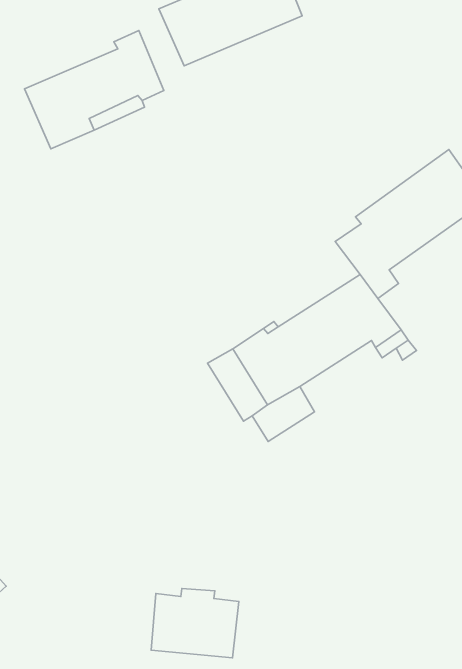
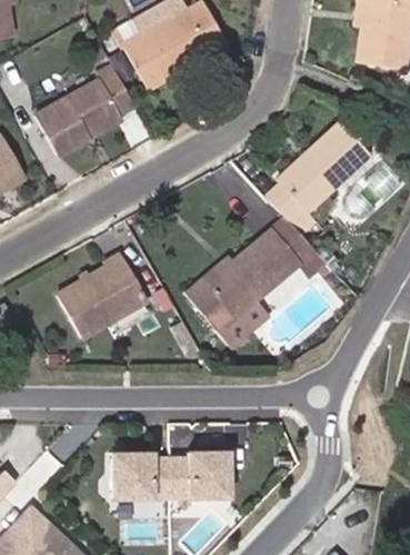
building: none -> [57,256,148,337]
building: none -> [111,452,170,497]

